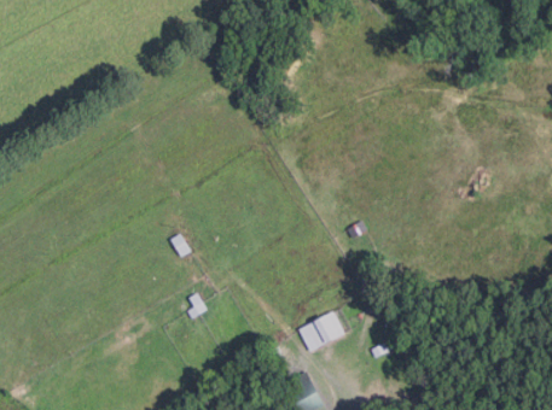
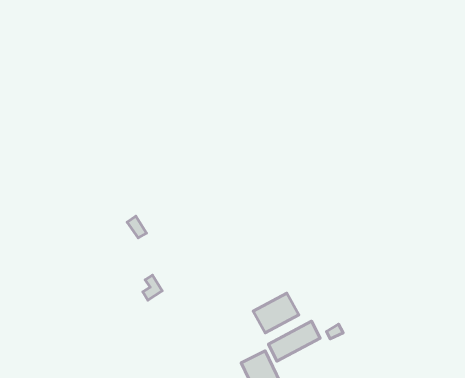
building: none -> [268,321,320,361]

